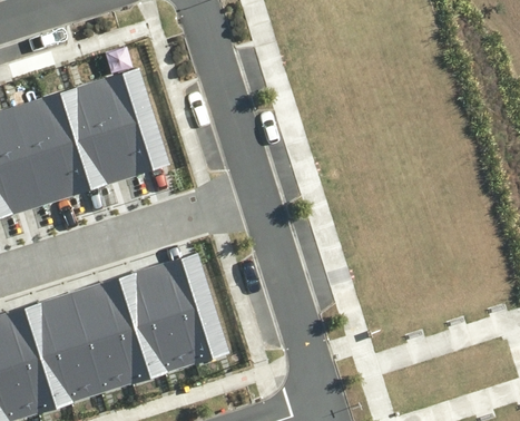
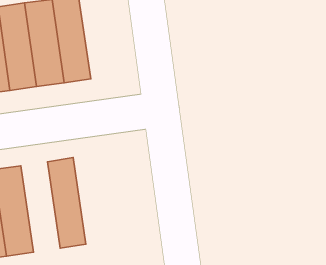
building: [147,257,214,369] -> none
building: [86,277,149,389] -> none

